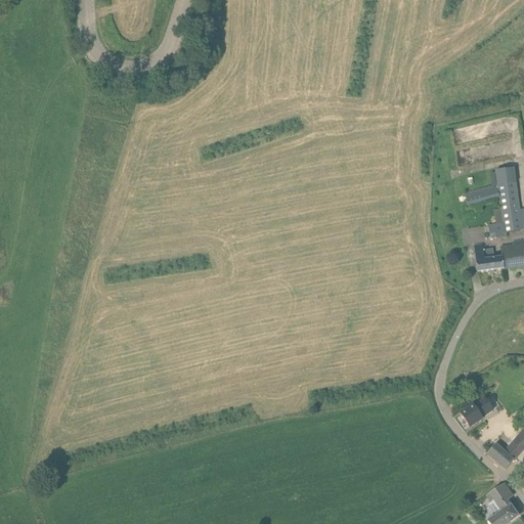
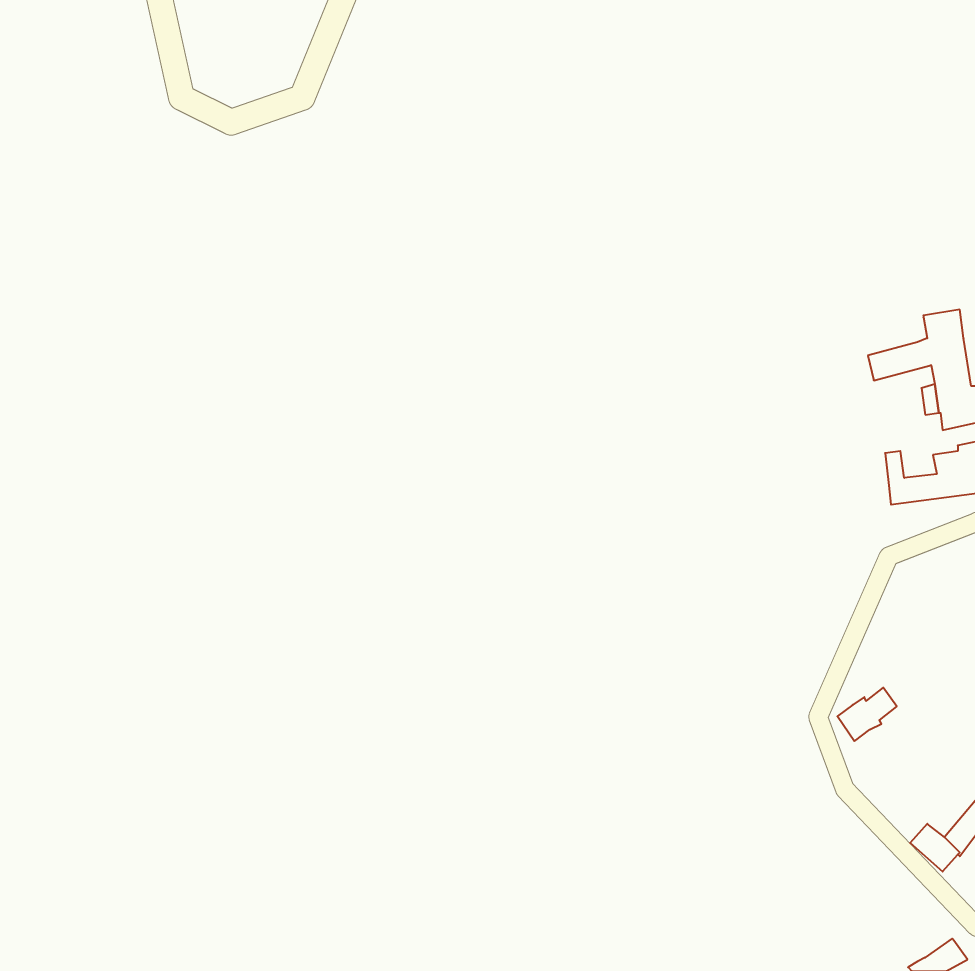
building: [461,397,492,426] -> [837,688,897,741]
building: [487,482,513,513] -> none

